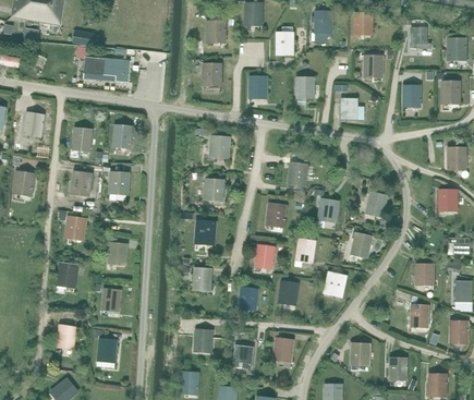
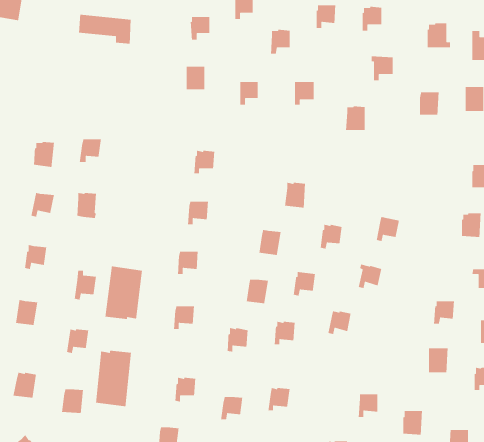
building: [84,57,130,83] -> [78,14,132,45]
building: none -> [104,265,143,320]
building: none -> [95,350,132,407]

